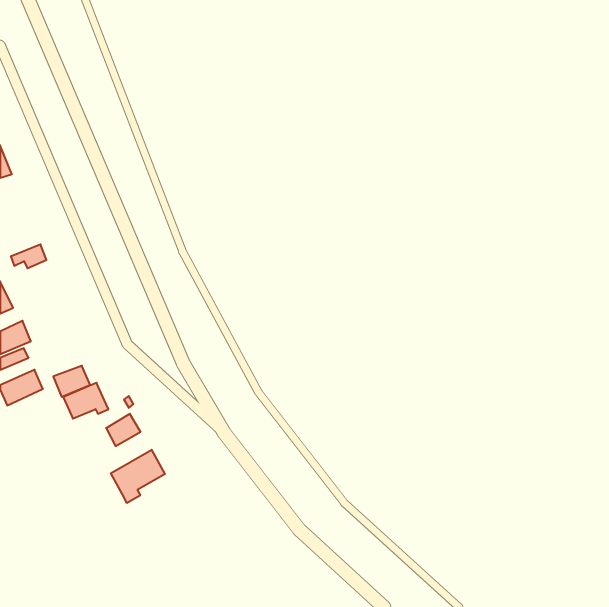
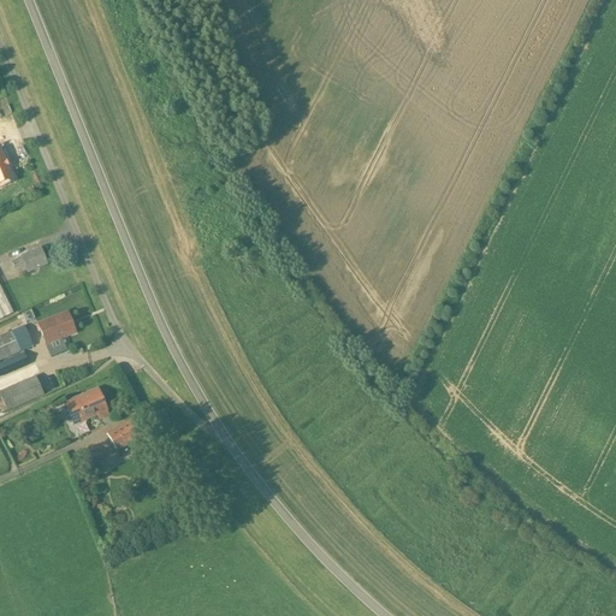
building: [53,366,90,397] -> [38,310,76,342]
building: [111,450,165,503] -> none

